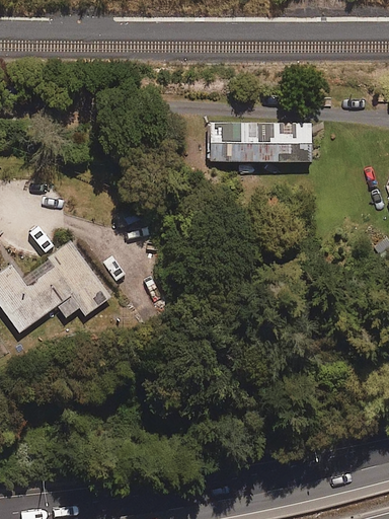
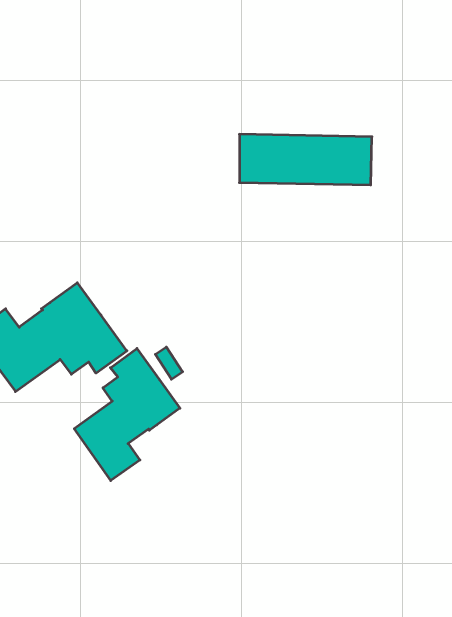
building: none -> [74,348,180,481]

